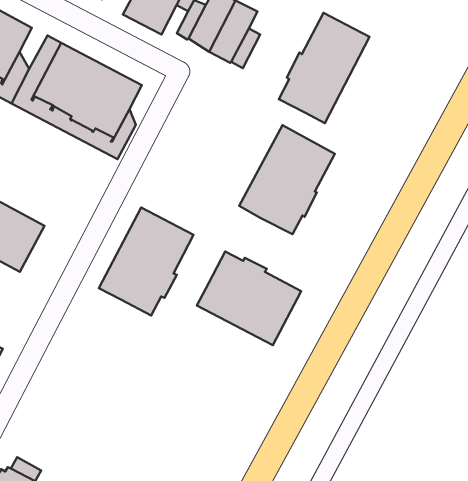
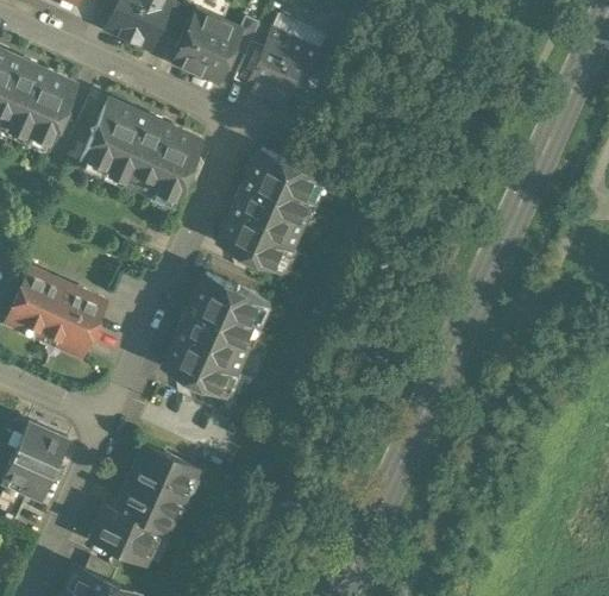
building: [279,13,370,123] -> none
building: [239,125,335,234] -> [224,146,325,265]
building: [197,251,301,345] -> none
building: none -> [92,444,197,560]

